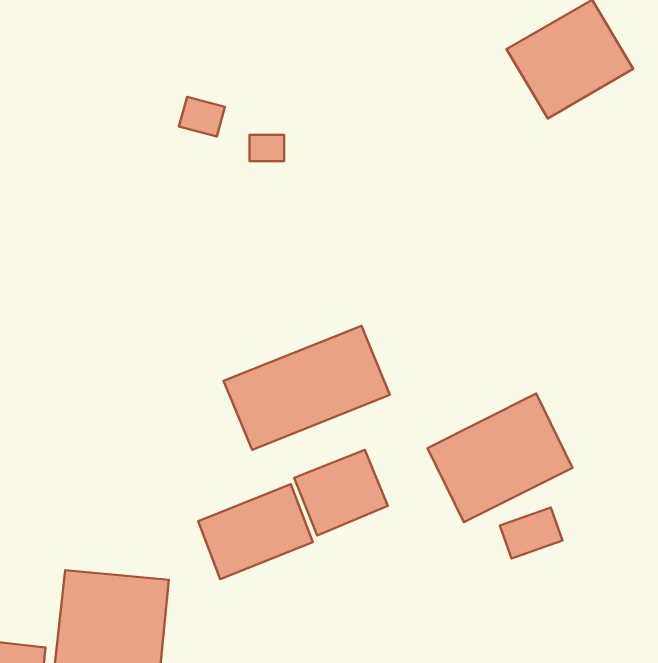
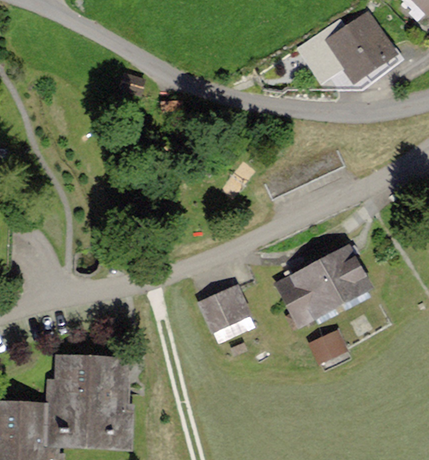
building: [224,326,390,450] -> none
building: [198,484,313,579] -> none

